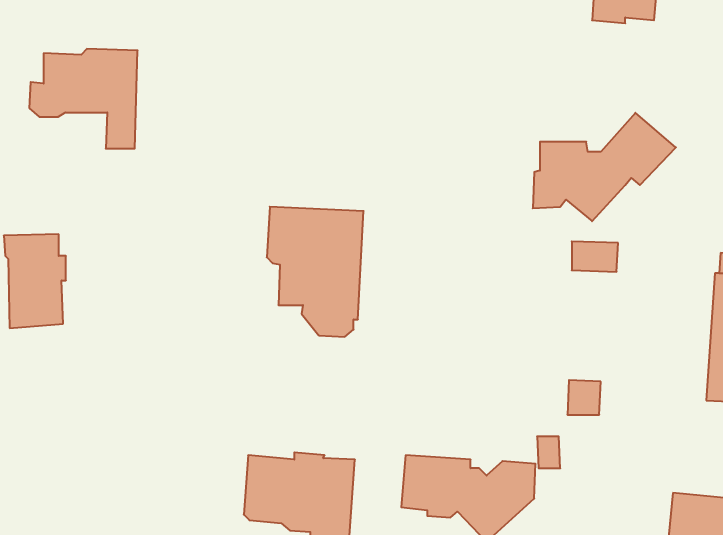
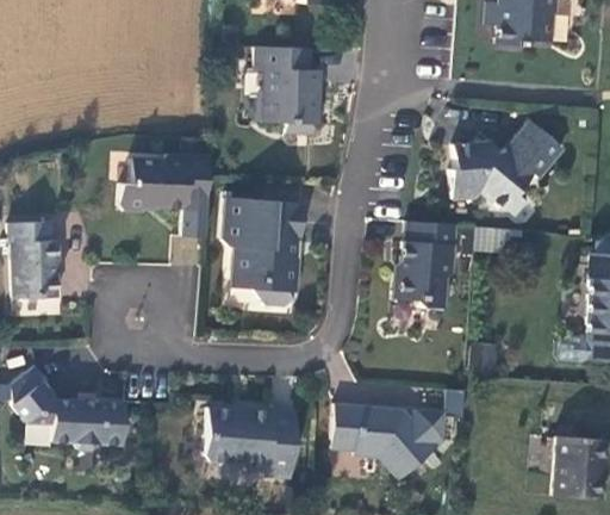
building: none -> [253,48,319,135]
building: [29,49,138,149] -> [119,154,208,236]
building: none -> [391,221,456,309]
building: none -> [11,361,124,445]

